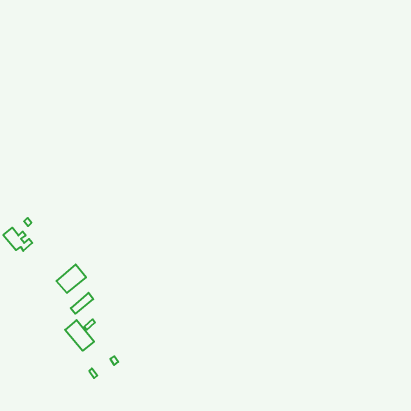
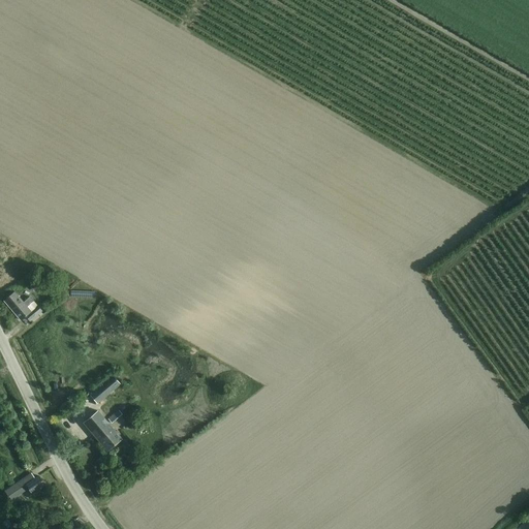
building: [56,264,86,293] -> none
building: none -> [5,474,44,500]

